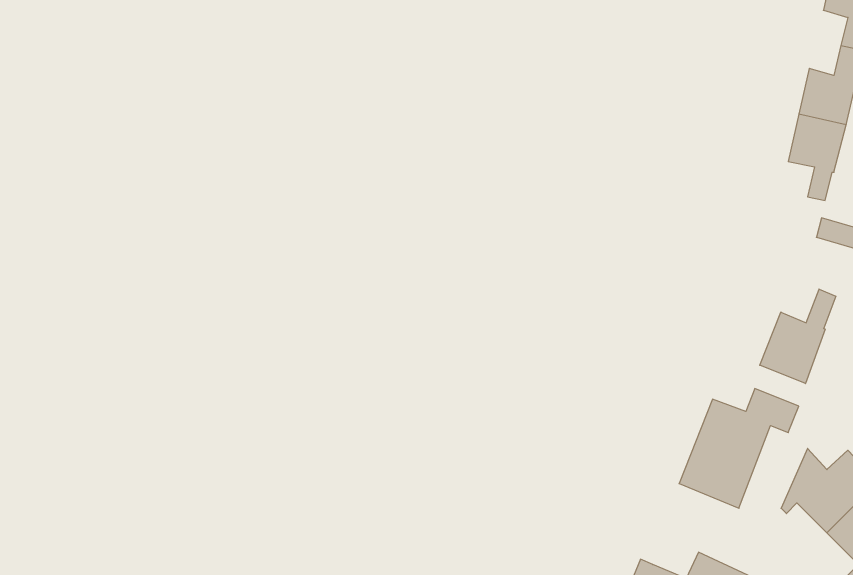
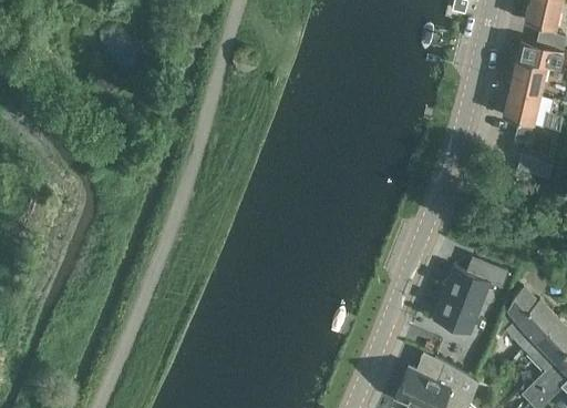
building: [760,289,836,384] -> none

